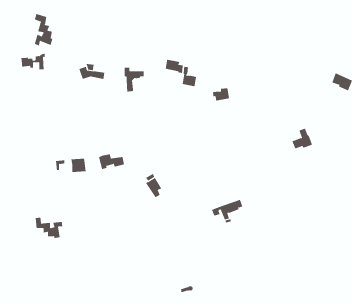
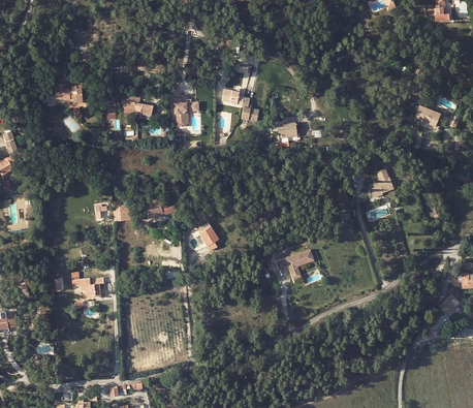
building: [34,13,53,46] -> none

